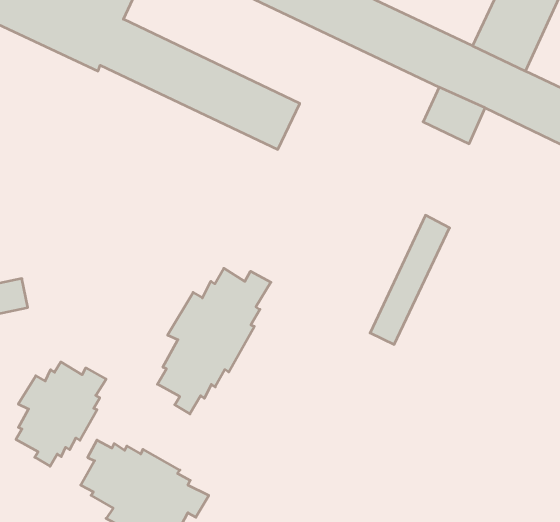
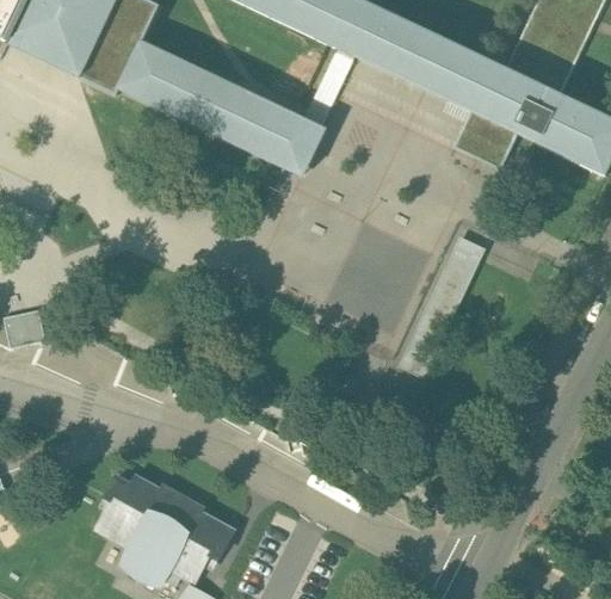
building: [157,268,271,414] -> none
building: [16,362,106,466] -> none

